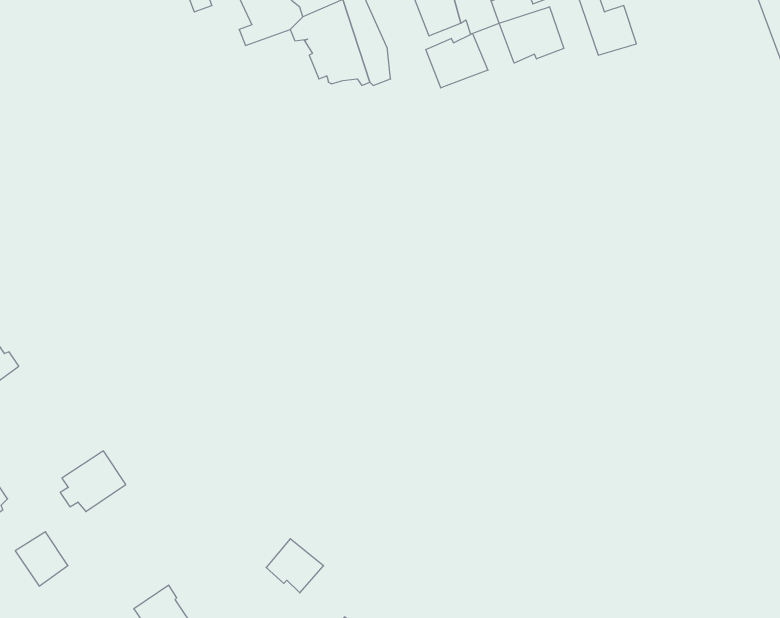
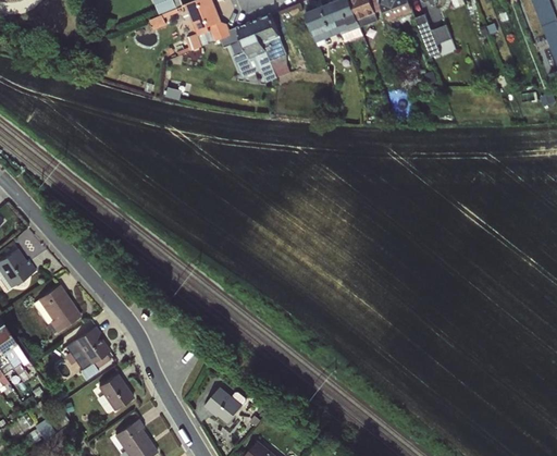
building: [499,7,564,63] -> none
building: [426,34,488,88] -> none
building: none -> [34,284,82,332]
building: [15,532,68,586] -> [98,374,134,411]

